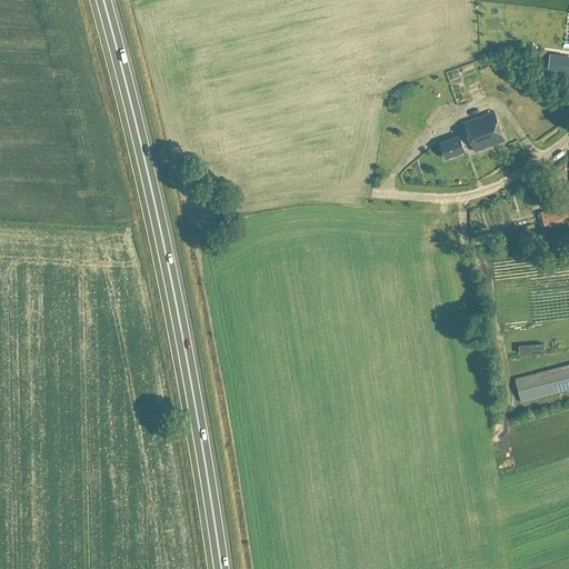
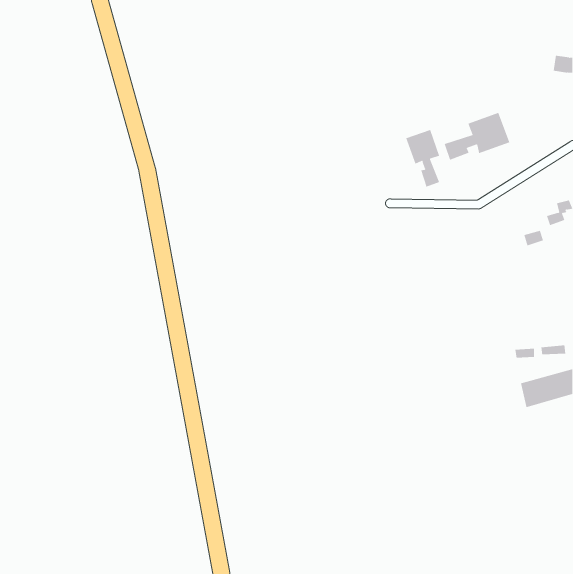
building: none -> [406,129,440,188]

